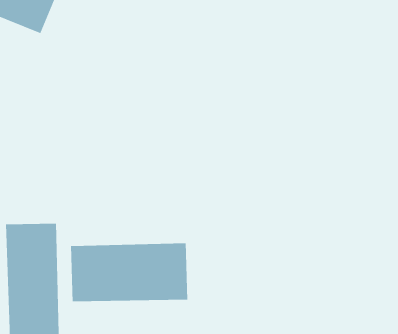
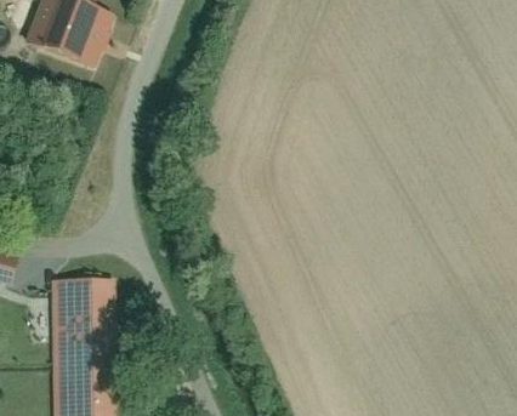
building: [71,243,188,302] -> none

